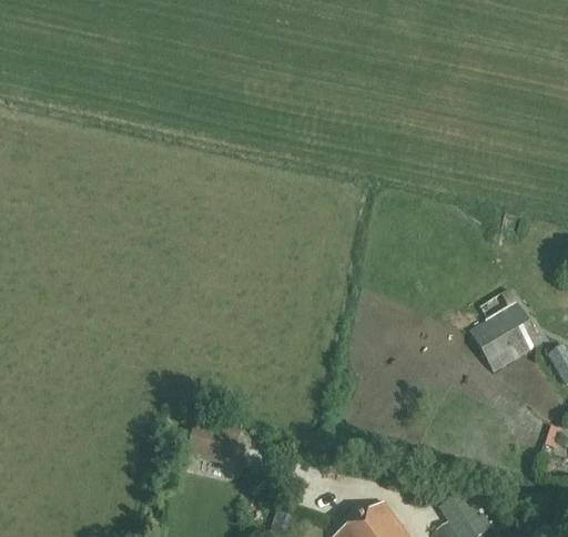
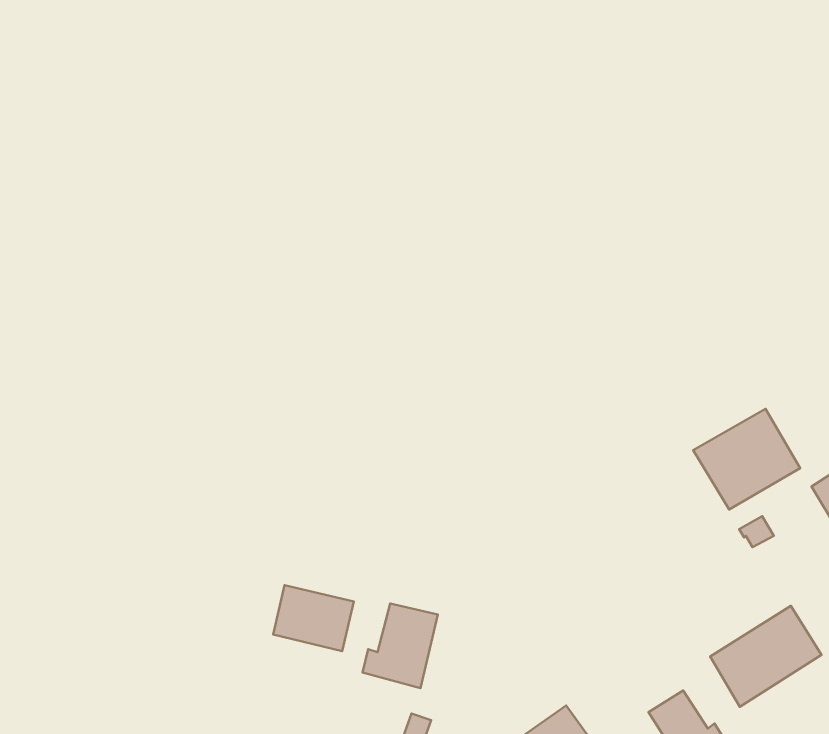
building: none -> [362,603,438,688]
building: none -> [710,606,821,707]

